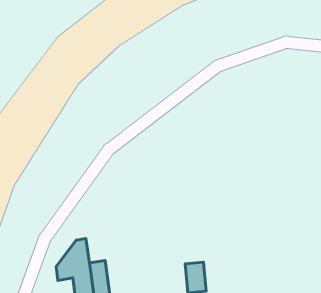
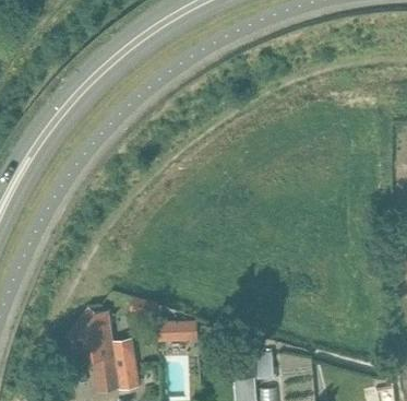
building: none -> [158,319,197,340]

